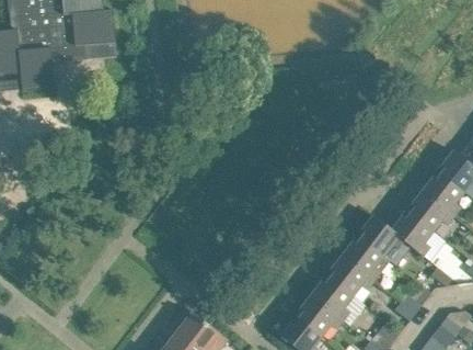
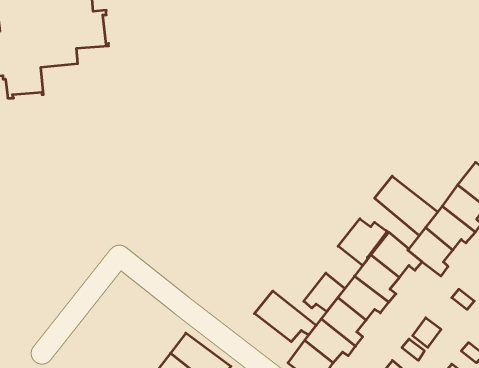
building: none -> [375,176,438,235]
building: none -> [338,219,387,266]
building: none -> [304,273,345,312]
building: none -> [254,291,316,342]

